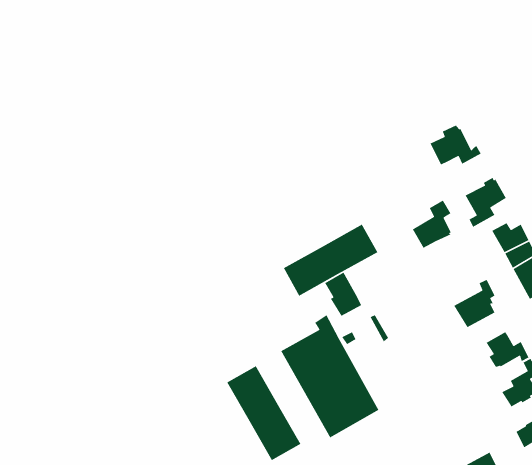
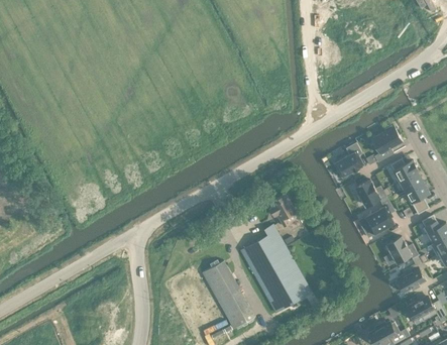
building: [429,125,482,165] -> none
building: [283,224,378,297] -> none
building: none -> [356,181,386,207]

